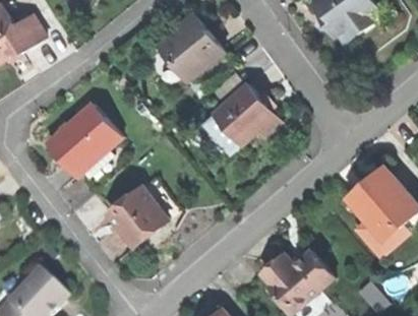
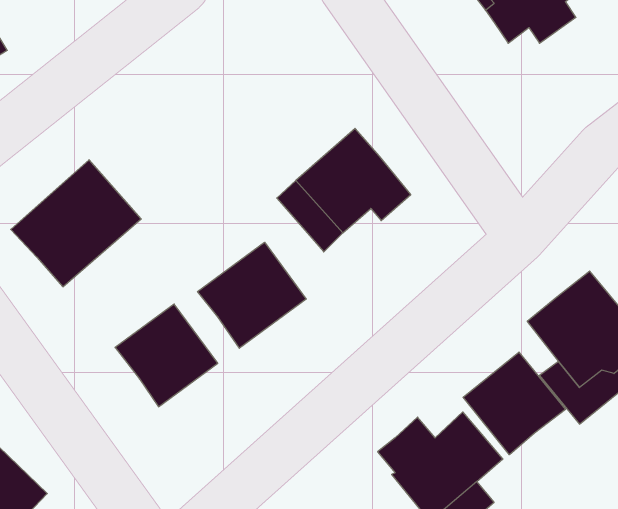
building: [159,15,223,78] -> none
building: none -> [198,242,306,348]
building: none -> [463,352,565,455]

